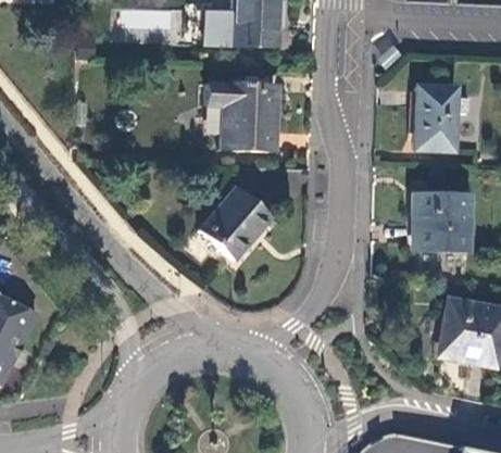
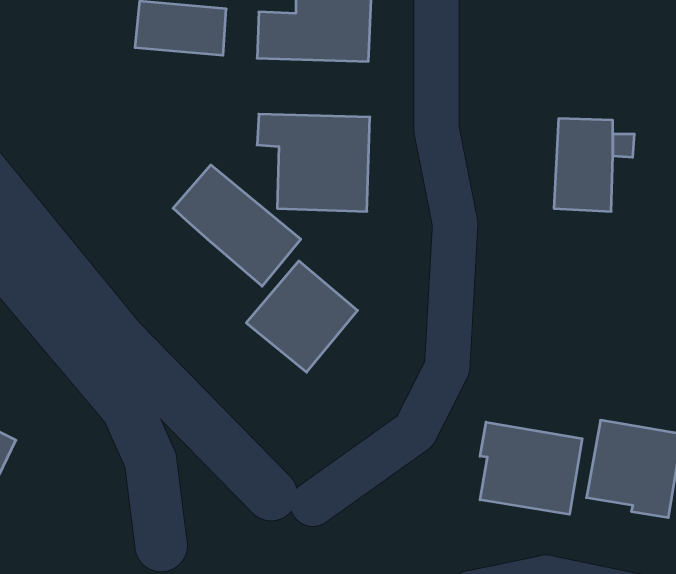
building: none -> [173,165,301,286]
building: [412,192,468,252] -> none
building: none -> [480,422,582,514]

